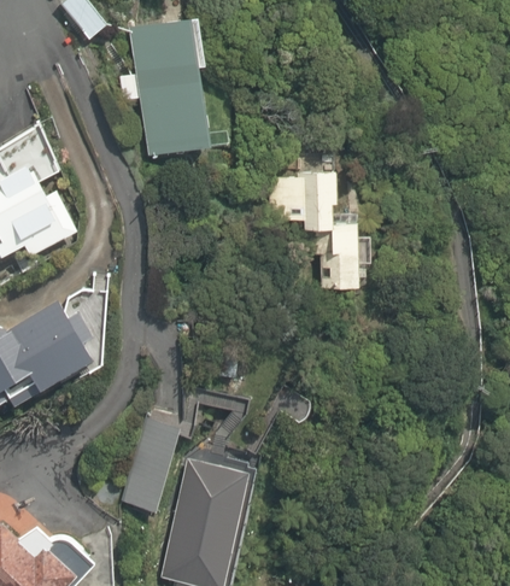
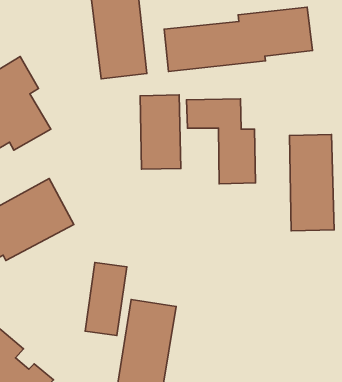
building: none -> [164,7,313,72]
building: none -> [140,95,181,169]
building: none -> [290,135,334,231]

